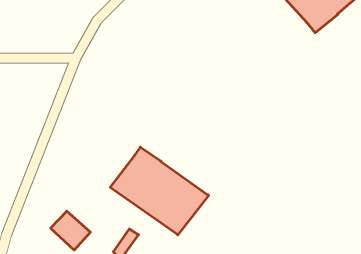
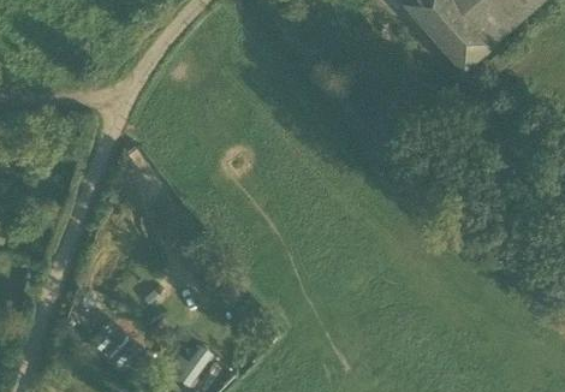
building: [110,147,209,235] -> none

